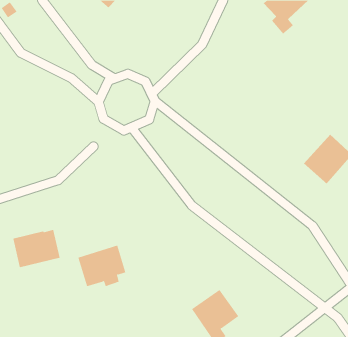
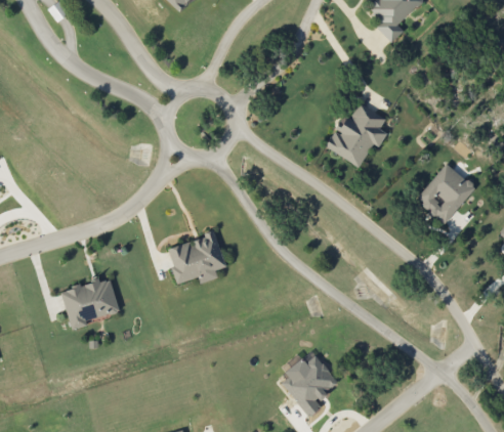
building: none -> [326,102,388,167]
building: [77,245,126,287] -> [167,232,226,284]

